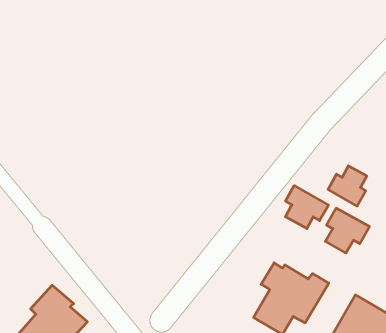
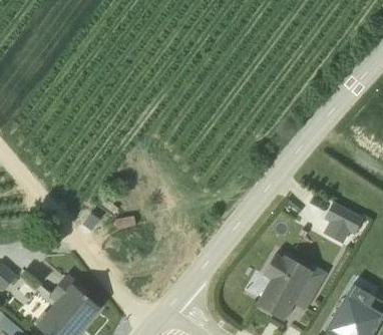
building: [328,166,367,206] -> none
building: [285,186,328,229] -> none

